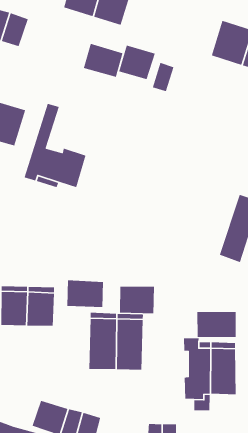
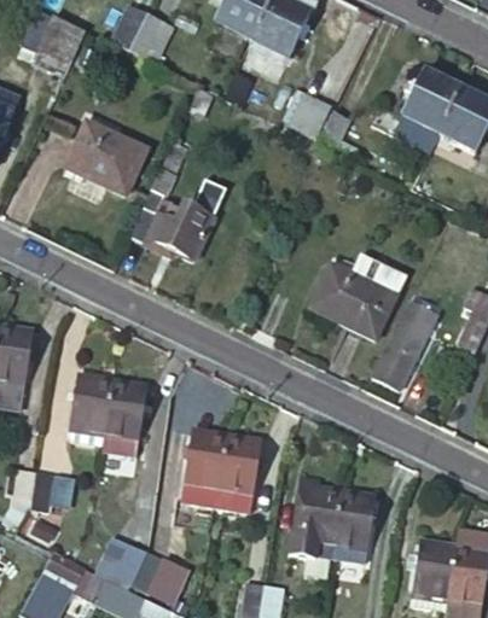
building: [83,43,123,78] -> none
building: none -> [310,256,406,340]
building: [67,279,104,308] -> none
building: [119,286,155,314] -> none
building: [197,311,237,338] -> none

